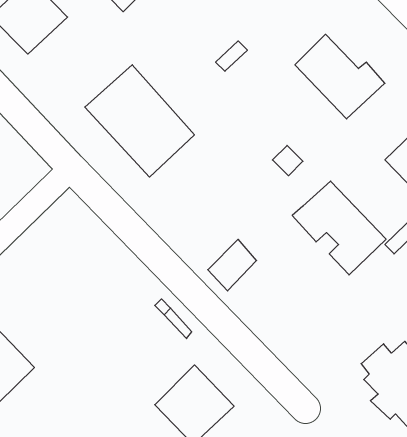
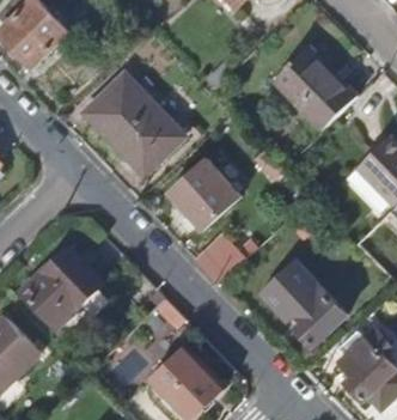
building: none -> [169,162,240,233]
building: [292,181,386,275] -> [262,264,347,349]
building: none -> [20,250,102,328]

